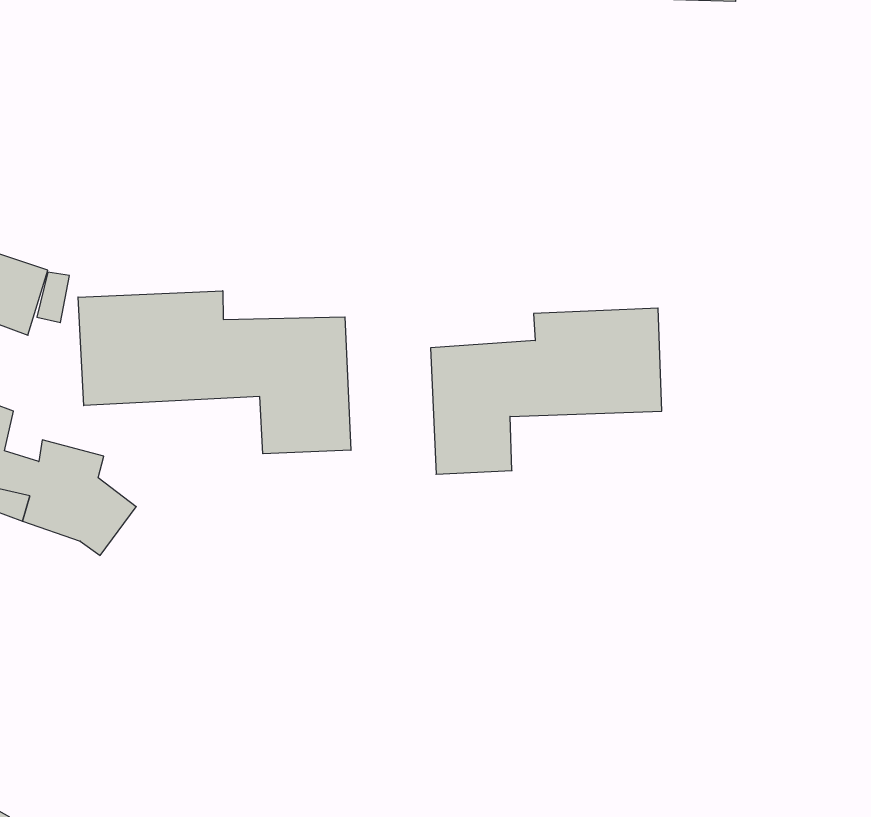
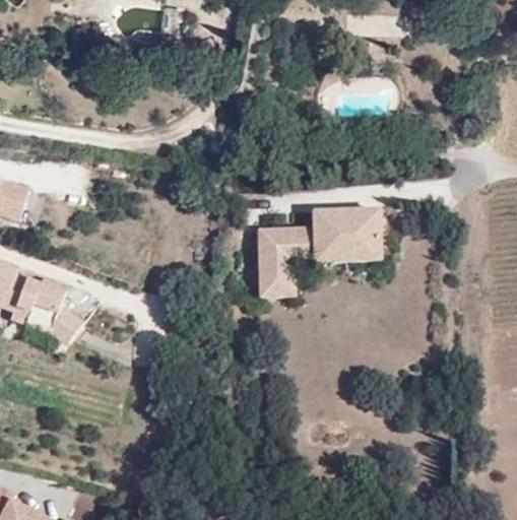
building: [78,291,351,454] -> none

